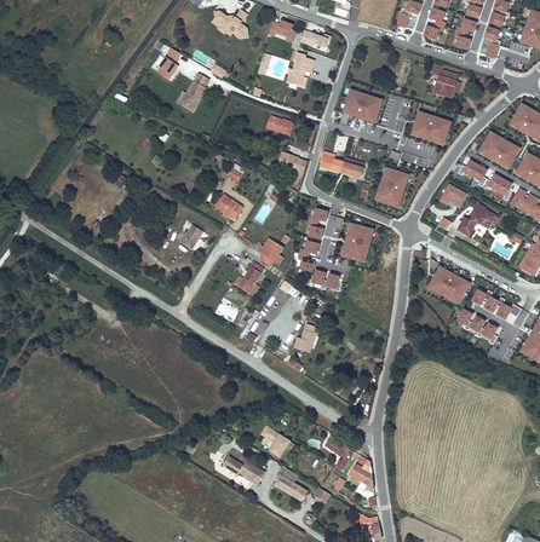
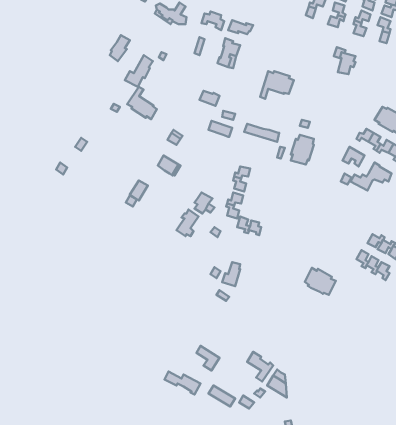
building: none -> [127,87,157,119]
building: [413,114,450,143] -> none
building: [344,224,372,260] -> none
building: [430,270,467,302] -> [305,268,336,295]

